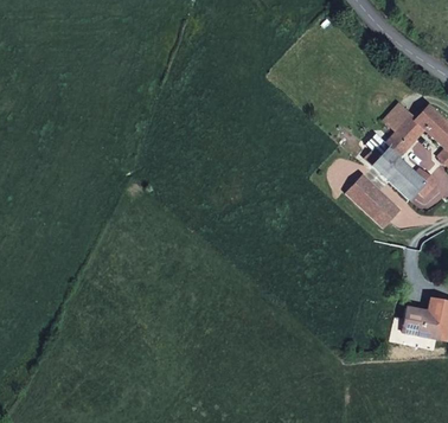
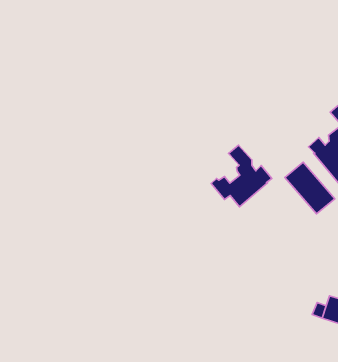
building: none -> [211,145,272,207]

